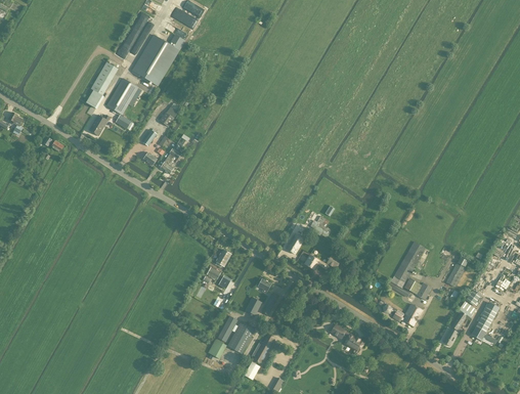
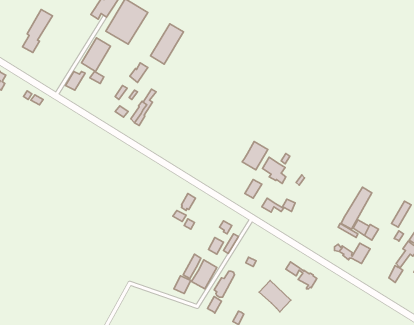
building: [85,61,118,108] -> [23,9,52,52]
building: none -> [150,24,183,64]
building: none -> [242,141,268,170]
building: none -> [259,281,291,312]

